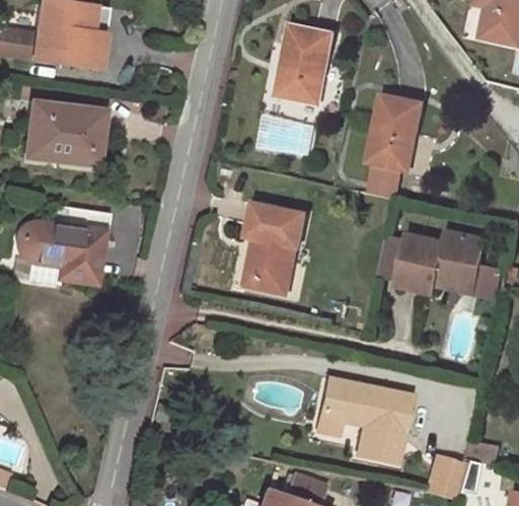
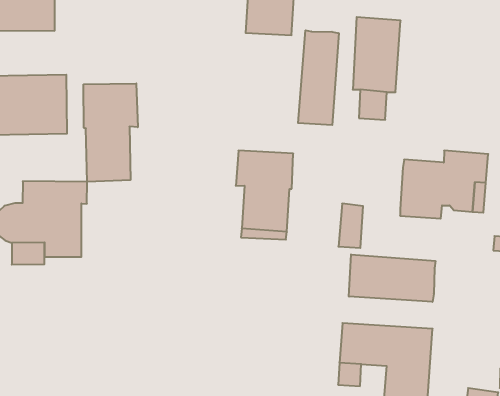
building: none -> [298,30,339,125]
building: none -> [84,83,138,182]
building: [377,236,405,280] -> [338,204,363,248]
building: none -> [349,254,435,302]

